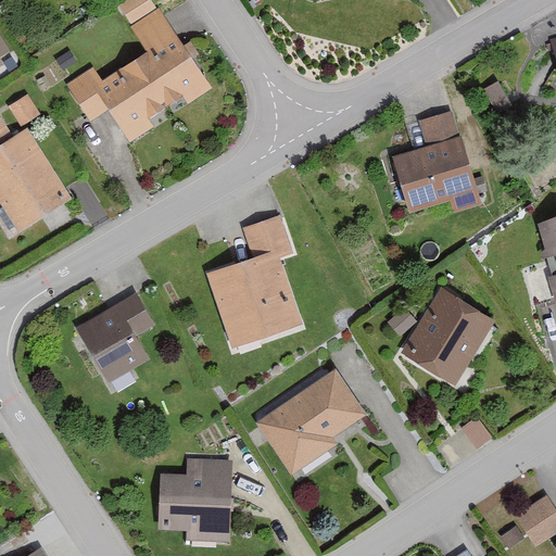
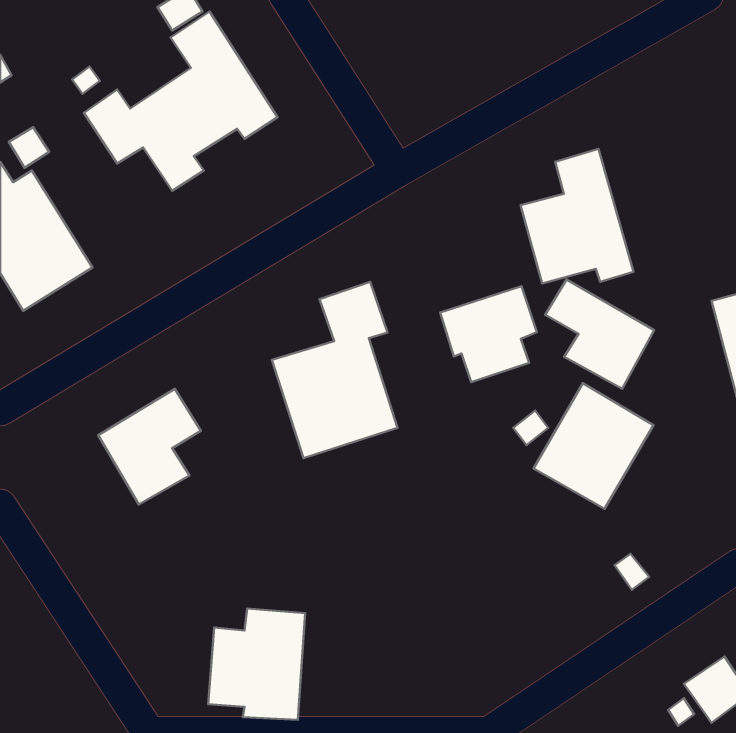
building: none -> [545,280,654,389]
building: none -> [440,286,537,382]
building: [256,367,367,473] -> none

